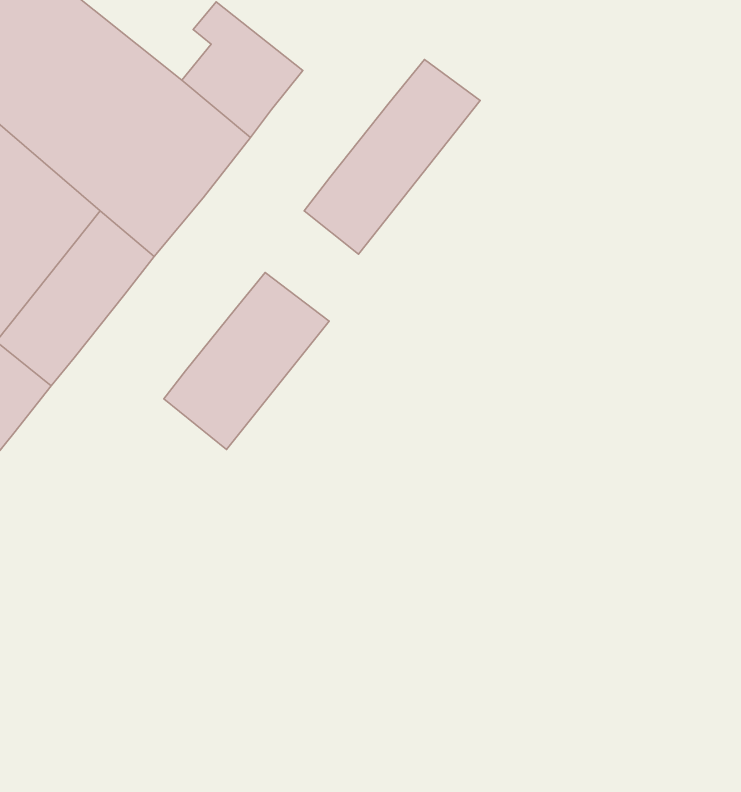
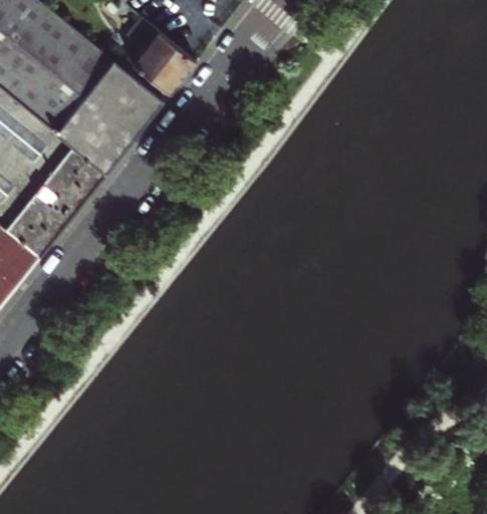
building: [304,59,480,254] -> none
building: [164,272,329,449] -> none

